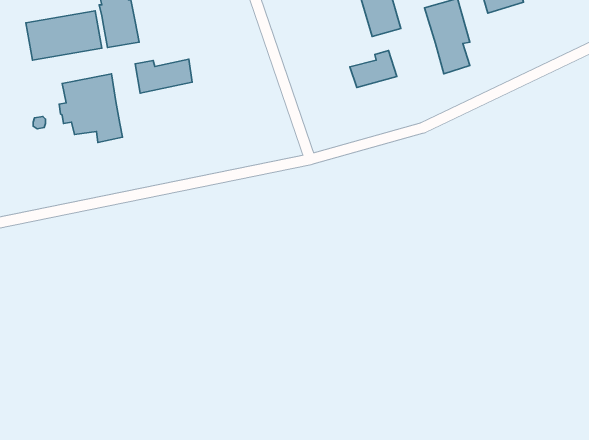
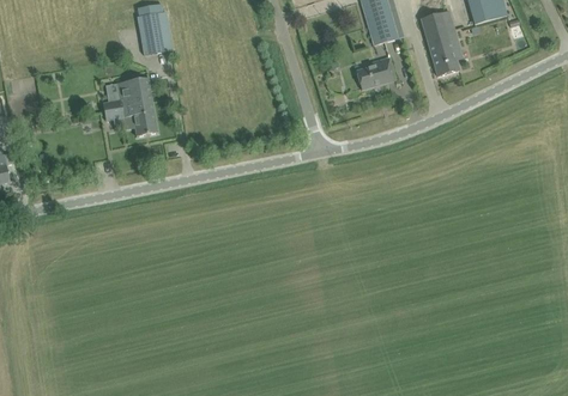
building: [26,11,102,60] -> none
building: [135,59,192,93] -> none

